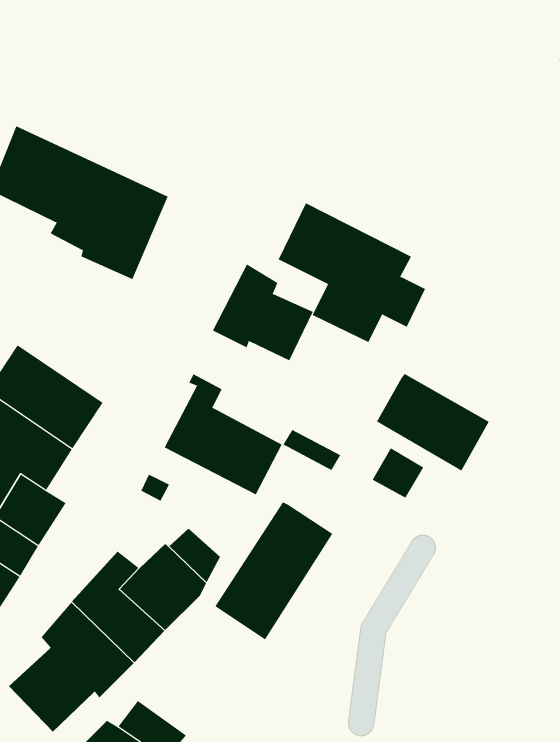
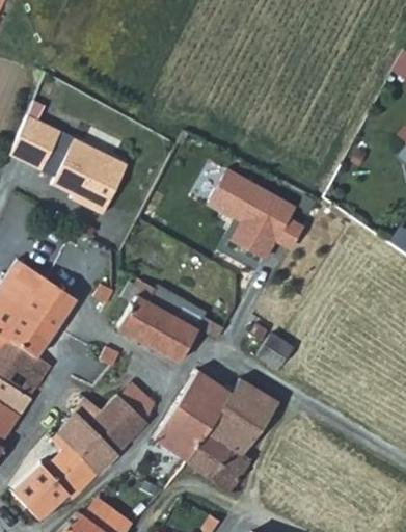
building: [212,264,314,361] -> none
building: [376,373,489,472] -> none
building: none -> [188,374,279,491]

